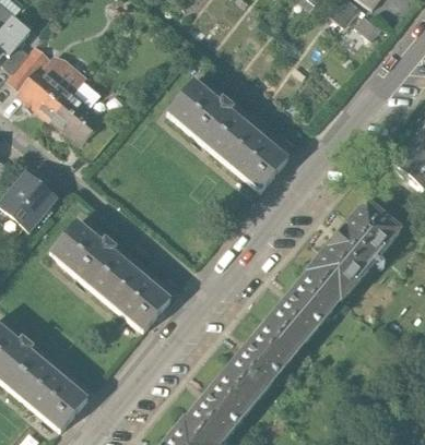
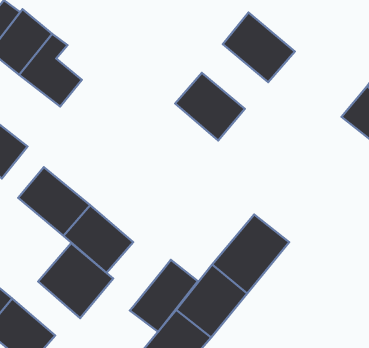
building: [169,80,246,154] -> [223,12,295,82]
building: [302,192,403,301] -> none
building: none -> [38,243,113,318]
building: none -> [130,260,198,332]

